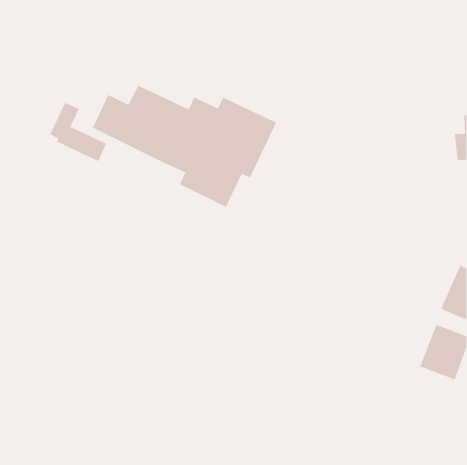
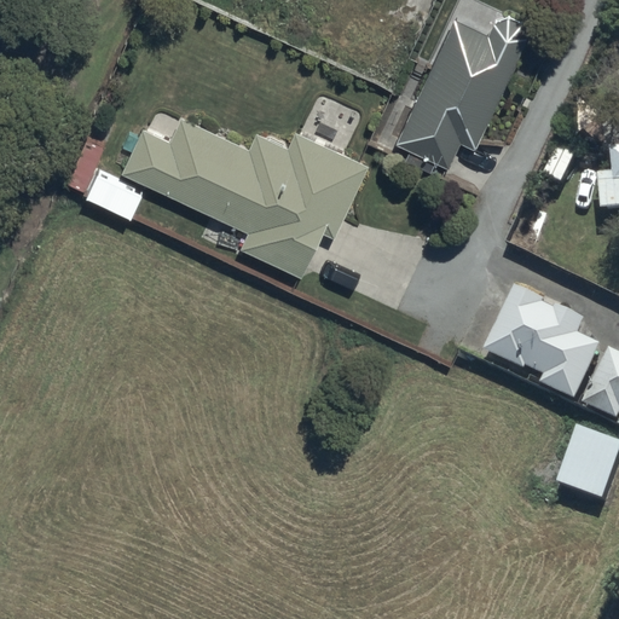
building: none -> [395,16,527,164]
building: none -> [485,291,601,406]

